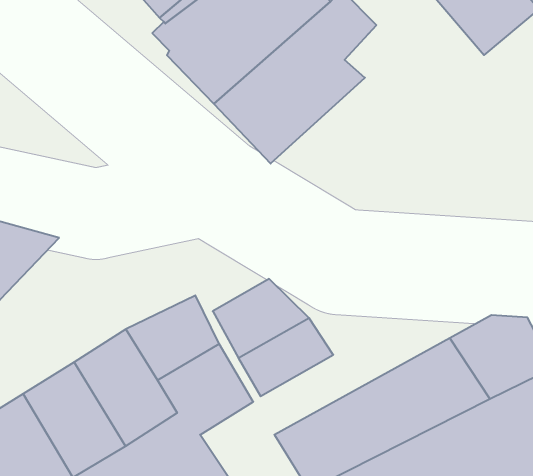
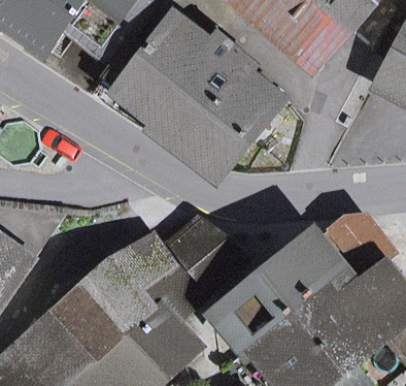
building: none -> [189,57,280,171]

